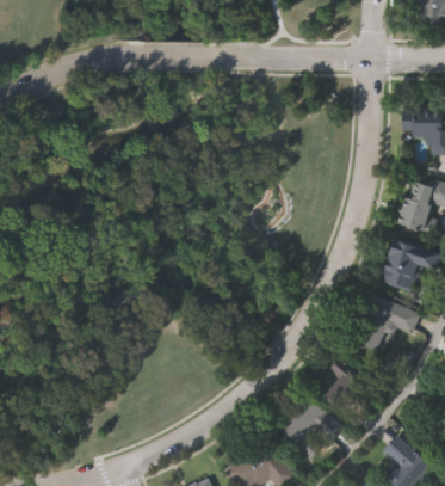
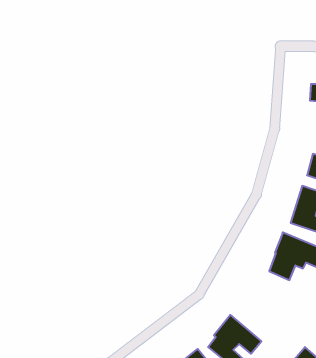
building: [325,358,366,412] -> none

